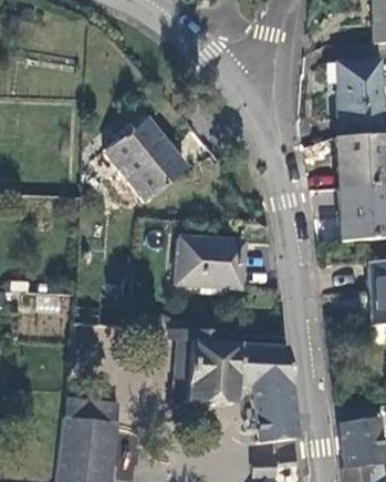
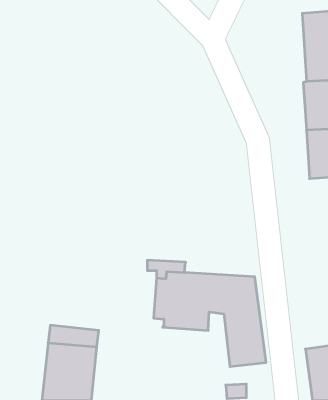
building: [106,117,186,201] -> none
building: [176,236,243,288] -> none

